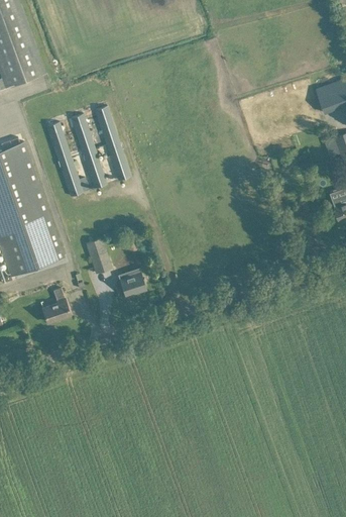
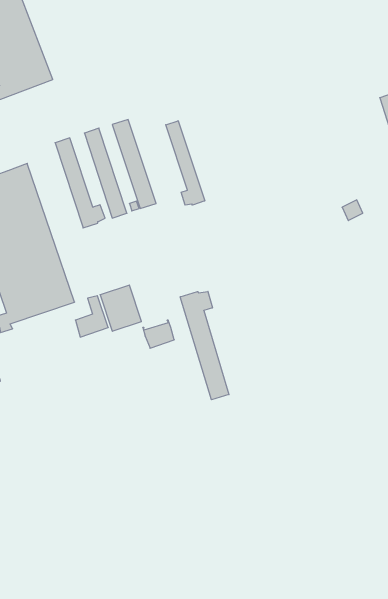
building: none -> [166,121,205,205]
building: none -> [180,291,229,400]
building: [42,287,70,321] -> [75,296,108,337]

